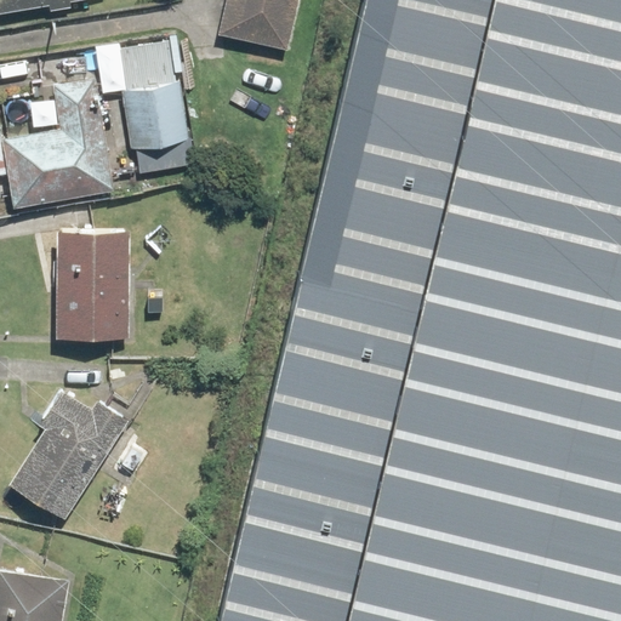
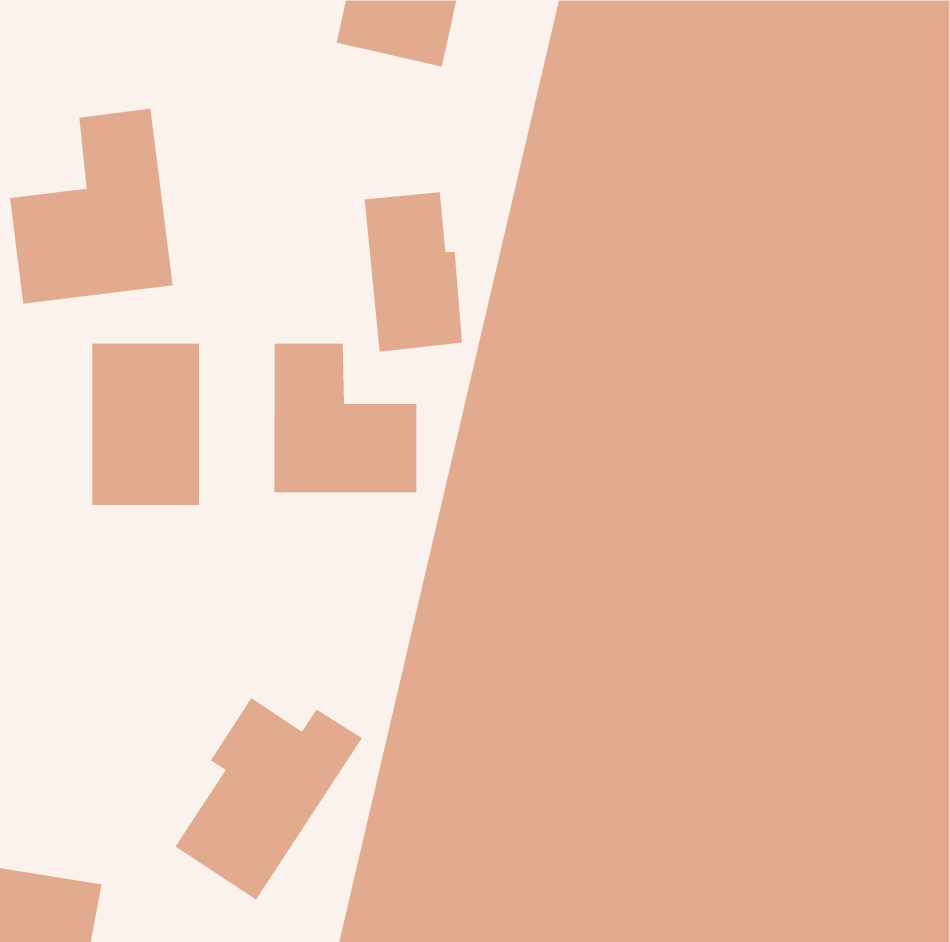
building: [121,44,186,148] -> [364,192,463,352]
building: none -> [274,343,417,493]
building: [11,387,133,519] -> [174,697,363,900]

